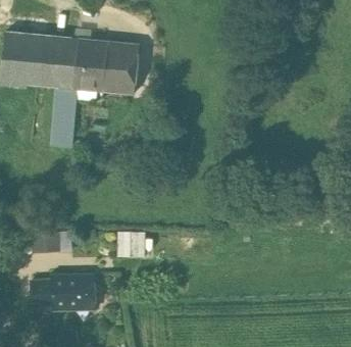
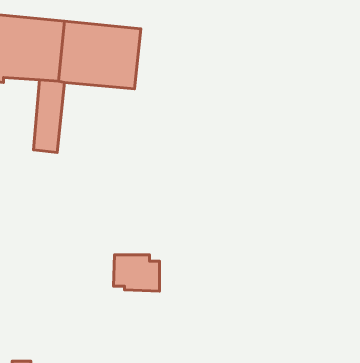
building: [31,231,70,251] -> none
building: [31,275,94,310] -> none

